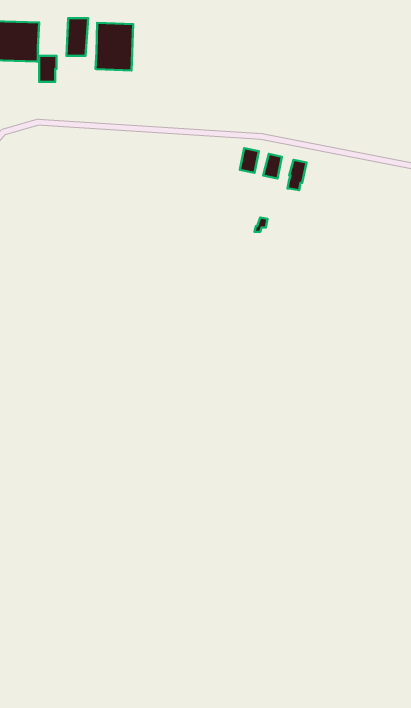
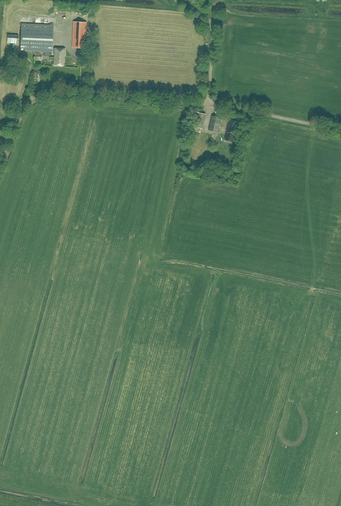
building: [95,23,133,70] -> none

